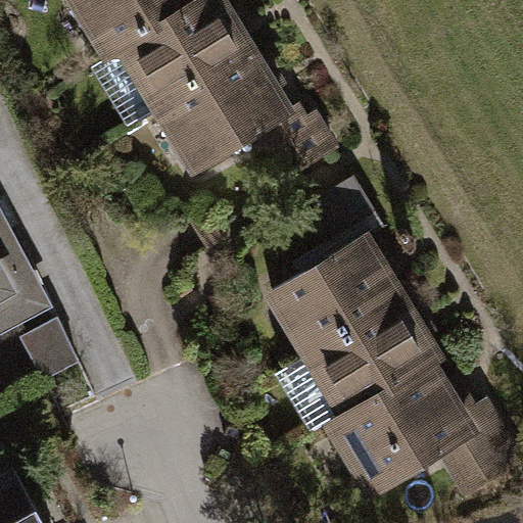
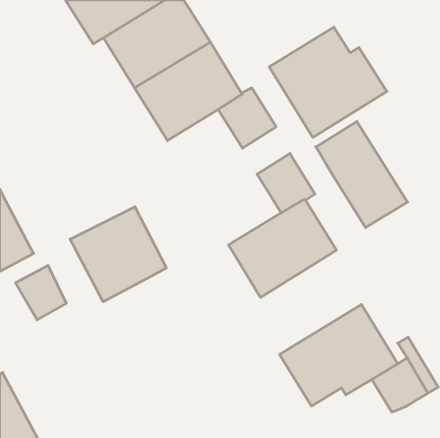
building: none -> [269,27,387,137]
building: none -> [316,121,408,228]
building: none -> [70,207,166,302]
building: [308,299,435,415] -> none

